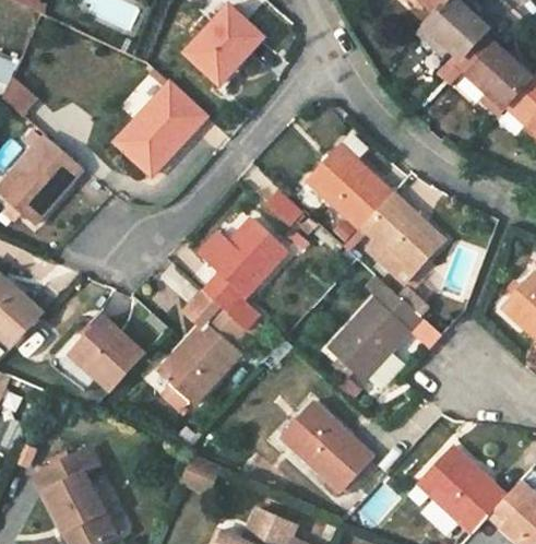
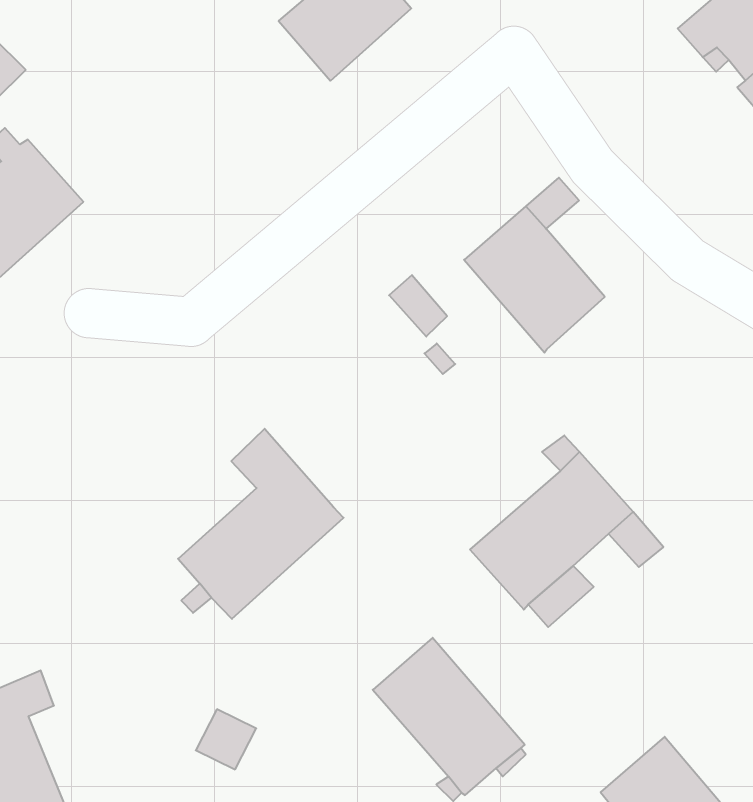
building: [115,84,205,176] -> none
building: [361,191,444,284] -> none
building: [199,218,287,332] -> none
building: [72,319,144,390] -> none

